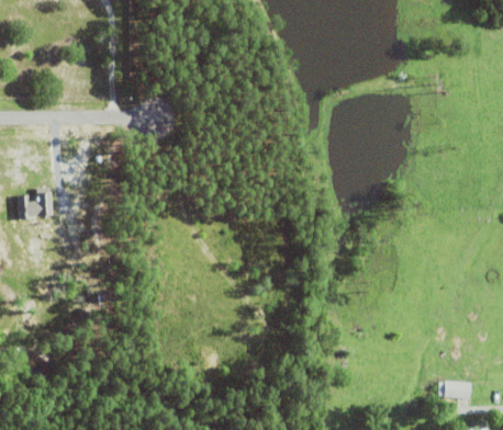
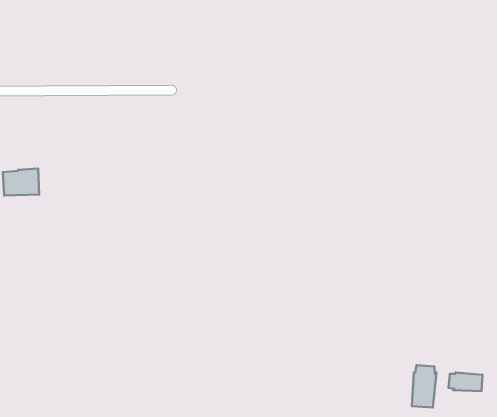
building: none -> [412,365,437,408]

